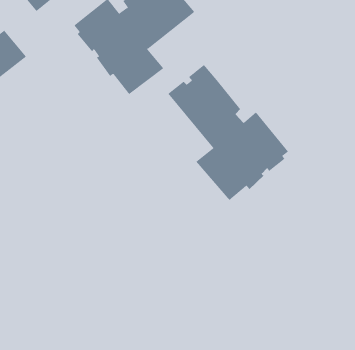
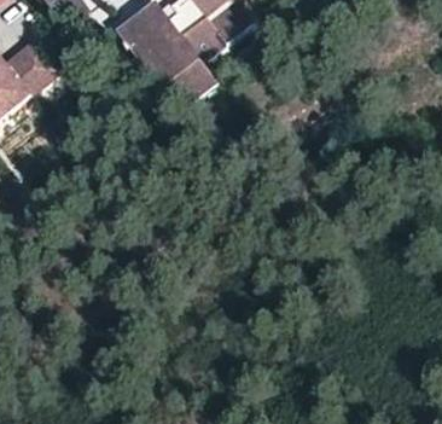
building: [168,64,289,201] -> none

